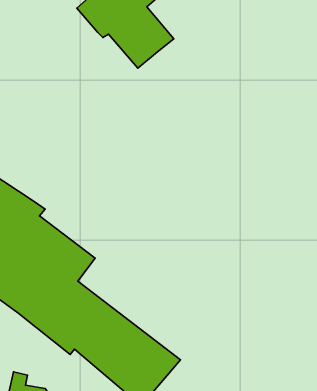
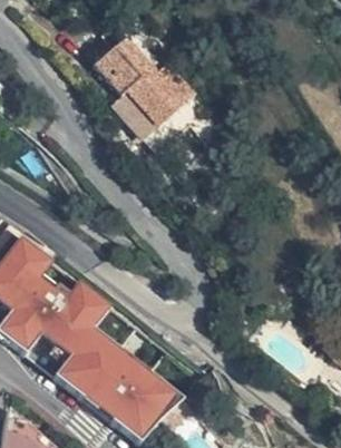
building: none -> [96,77,182,143]

